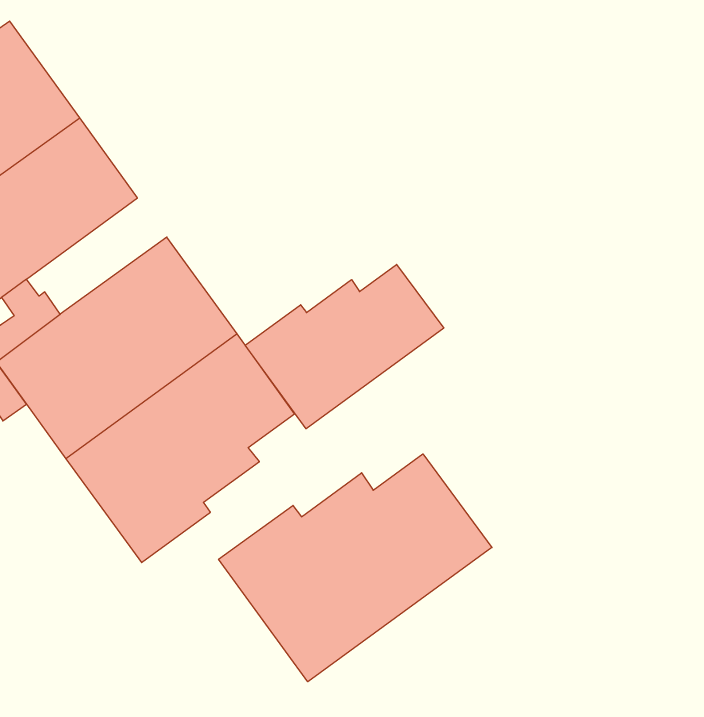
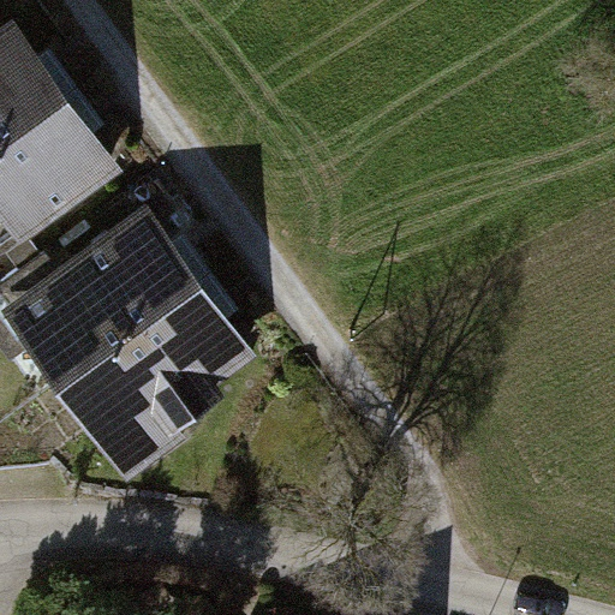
building: [245,264,444,429] -> none
building: [219,454,492,682] -> none

